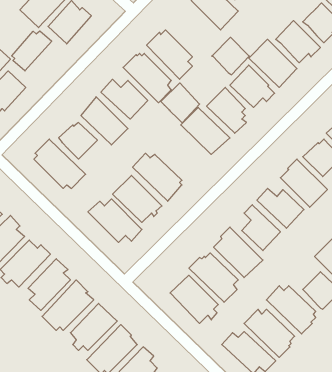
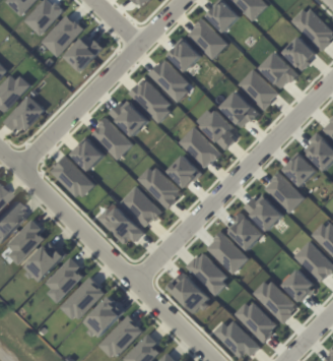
building: [12,31,52,71] -> none
building: [212,37,249,75] -> [170,39,202,71]
building: [161,83,200,123] -> [169,154,202,188]

